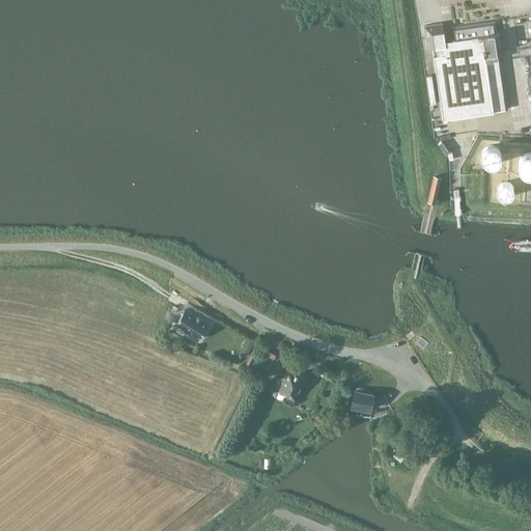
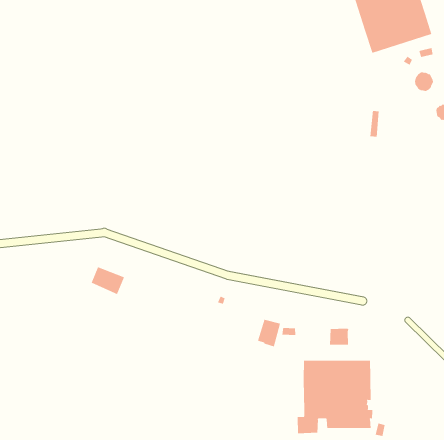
building: [175,310,211,342] -> [91,266,125,295]
building: none -> [297,360,373,434]

